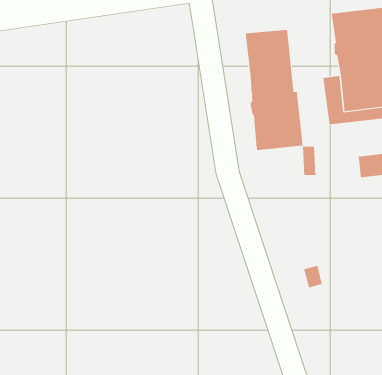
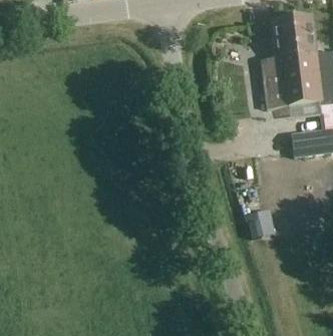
building: [245,29,303,151] -> none

